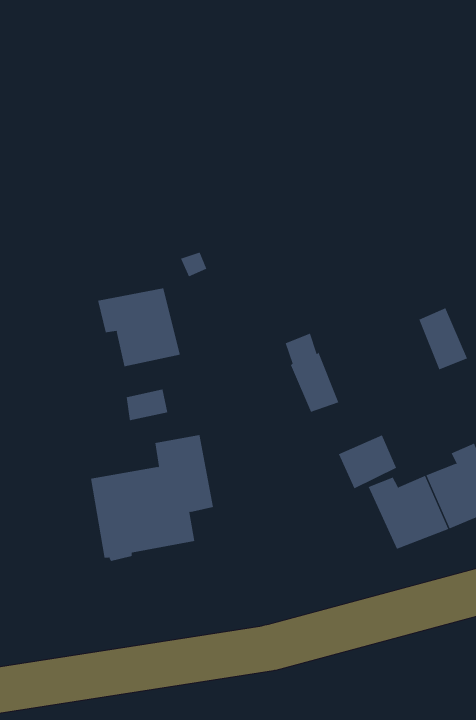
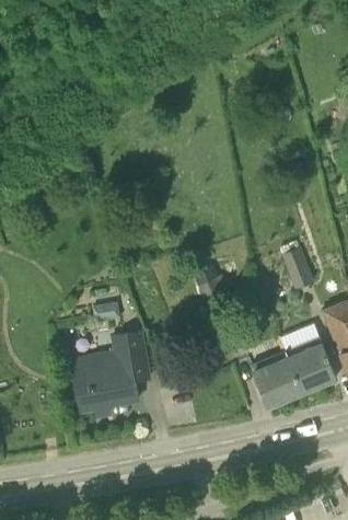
building: [97,288,180,367] -> none
building: [338,434,397,489] -> none

